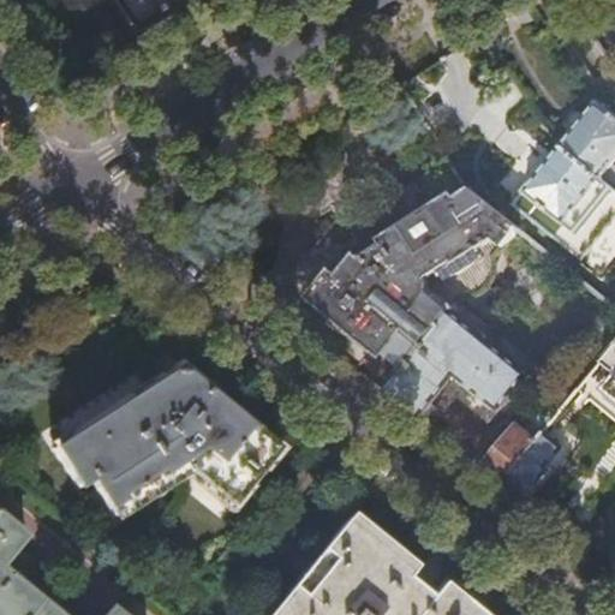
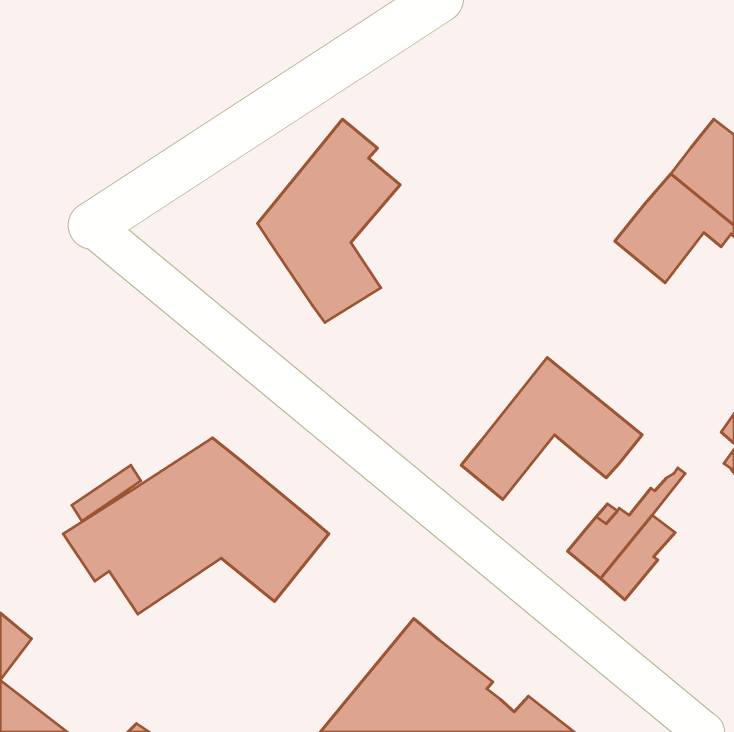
building: none -> [258,119,400,323]
building: [309,189,518,369] -> none

